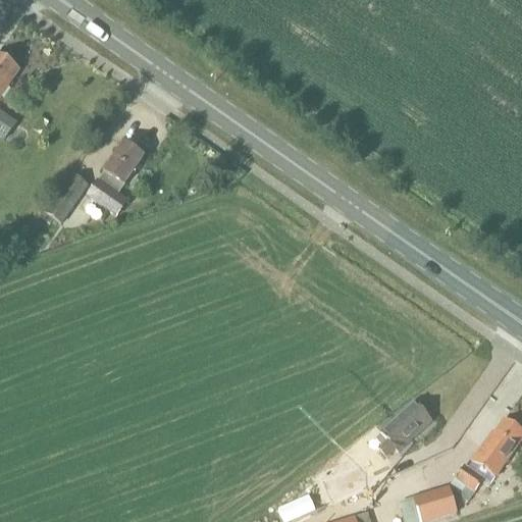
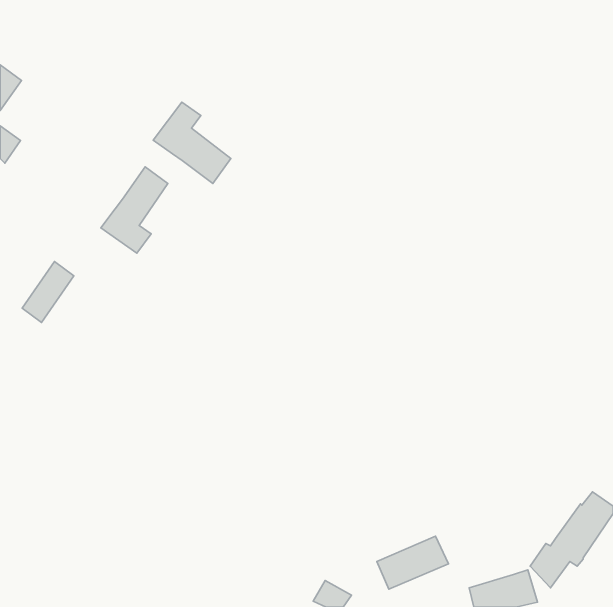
building: none -> [153,102,231,184]
building: [45,171,89,223] -> [22,261,74,323]
building: [378,401,431,456] -> none

